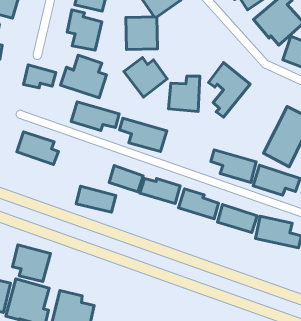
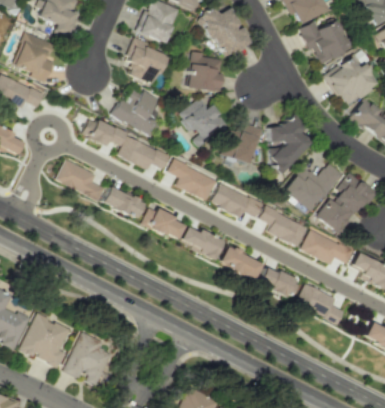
building: [23,65,56,88] -> [88,119,124,145]
building: none -> [283,162,342,213]
building: none -> [210,182,263,217]
building: [76,186,116,212] -> [101,185,144,217]
building: [13,245,51,282] -> none

